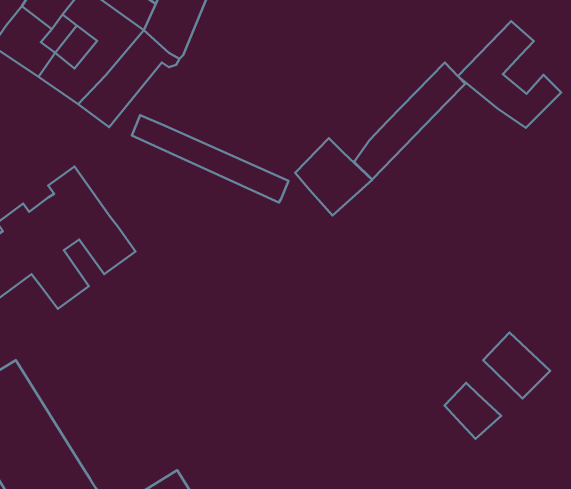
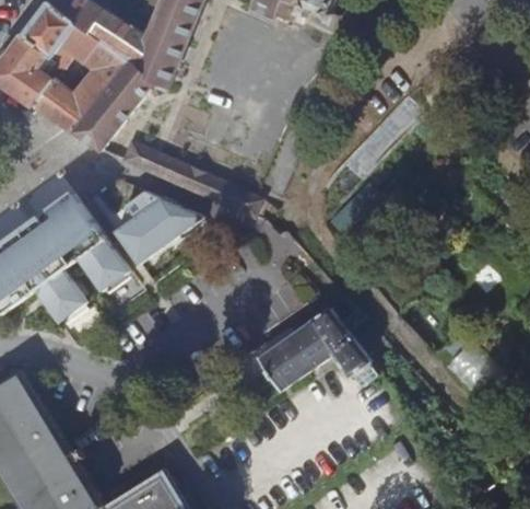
building: [458,21,561,128] -> none
building: [295,138,372,216] -> none
building: none -> [110,187,199,262]
building: none -> [255,304,377,391]
building: [445,383,501,439] -> none

